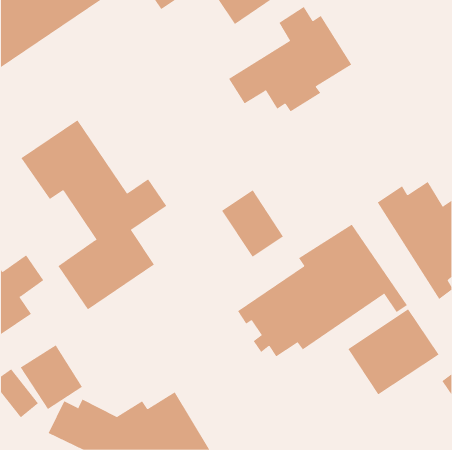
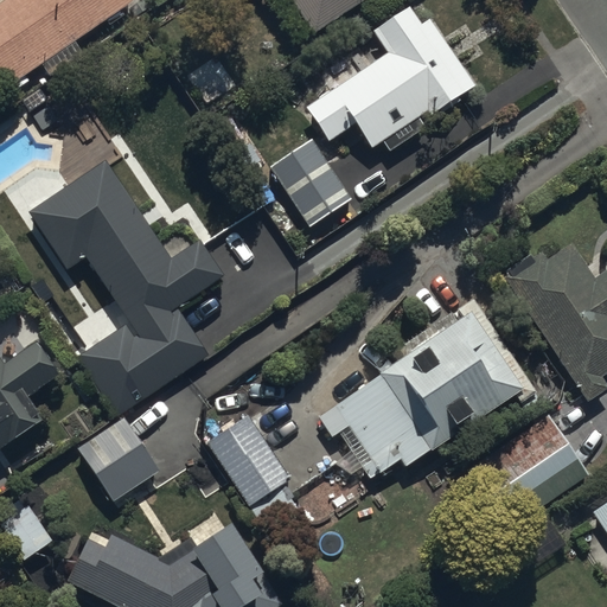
building: [221,190,284,258] -> [268,138,352,229]
building: none -> [205,413,292,506]
building: [20,345,83,410] -> [75,415,159,503]

